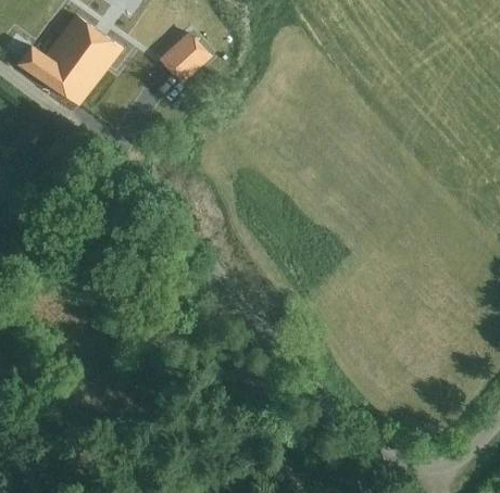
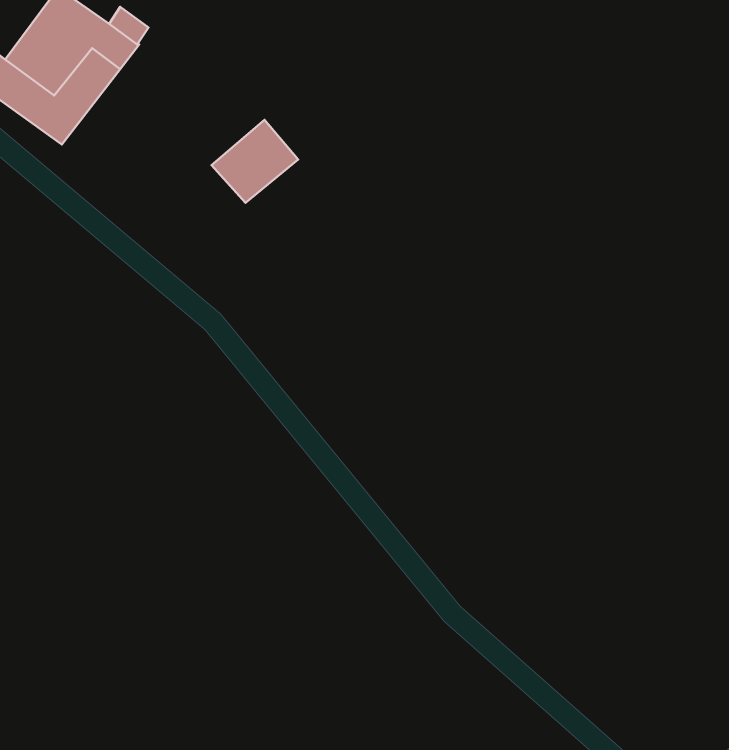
building: [162,31,212,79] -> [212,120,298,203]

